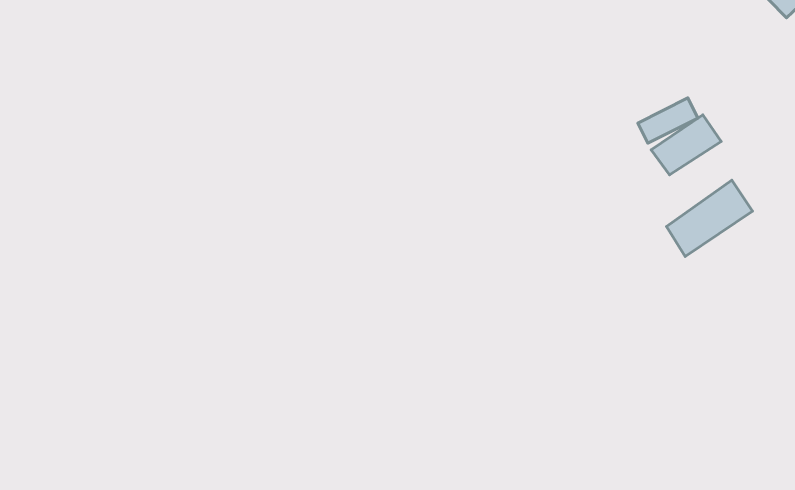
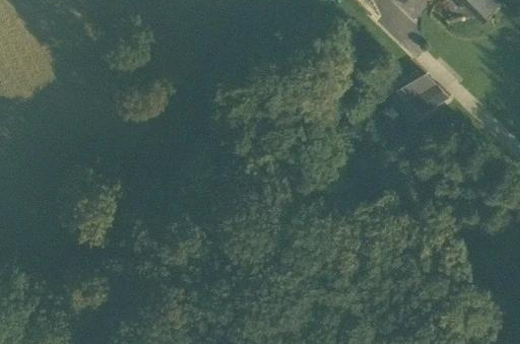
building: [667,180,752,257] -> none

